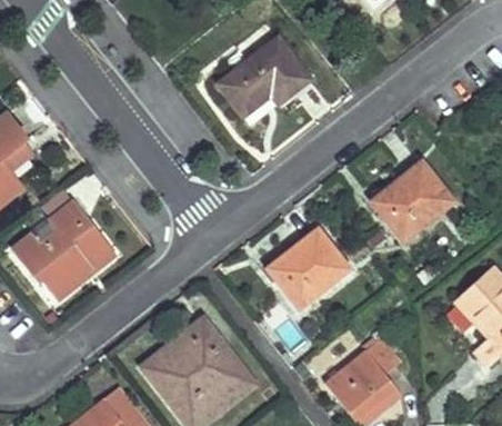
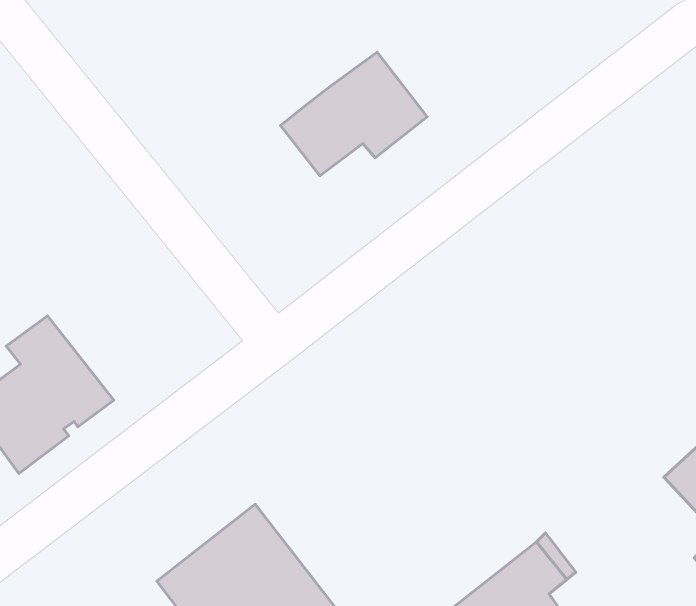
building: [372,158,451,240] -> none
building: [268,230,348,307] -> none

